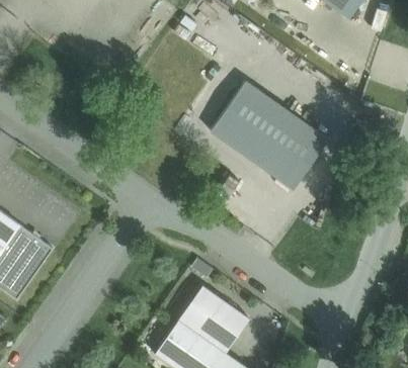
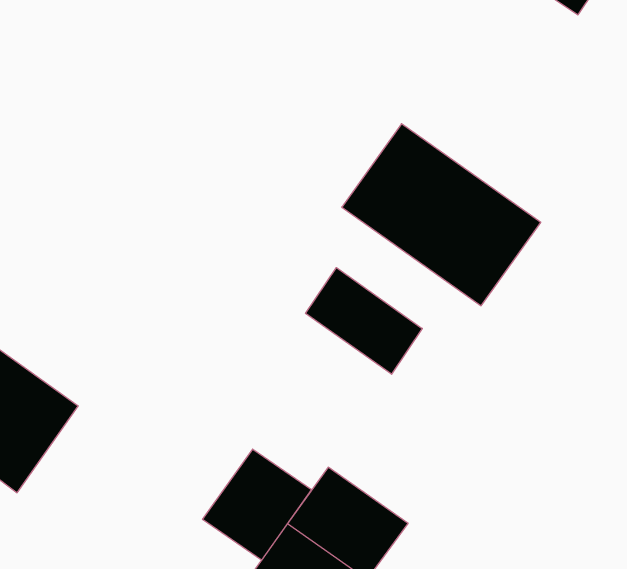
building: none -> [306,268,422,374]
building: none -> [203,449,311,560]

